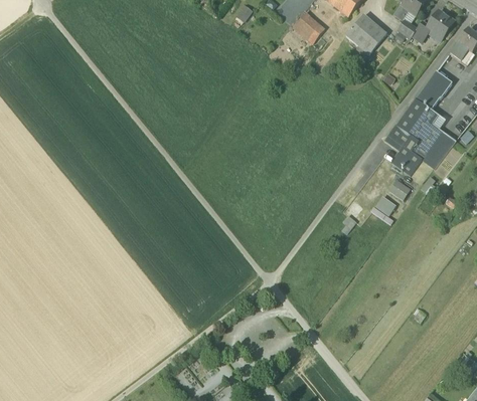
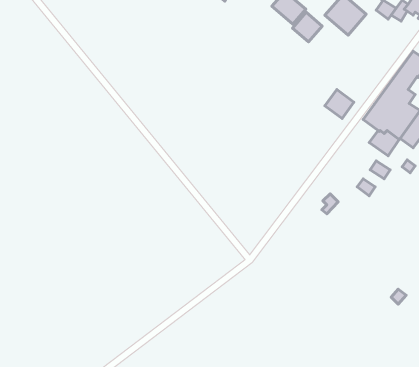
building: none -> [292,12,322,42]
building: none -> [325,89,354,118]

